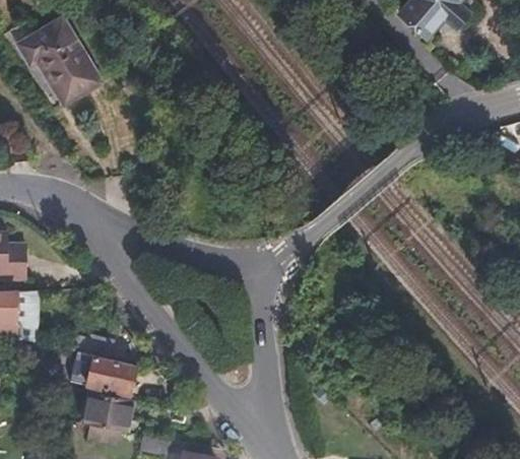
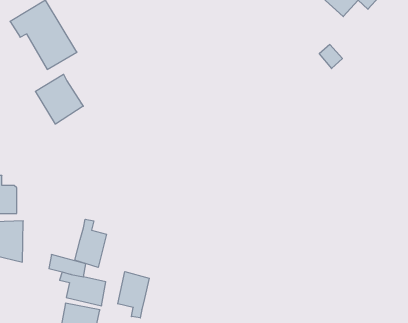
building: none -> [35,74,83,124]
building: none -> [75,219,106,267]
building: none -> [118,272,149,318]

